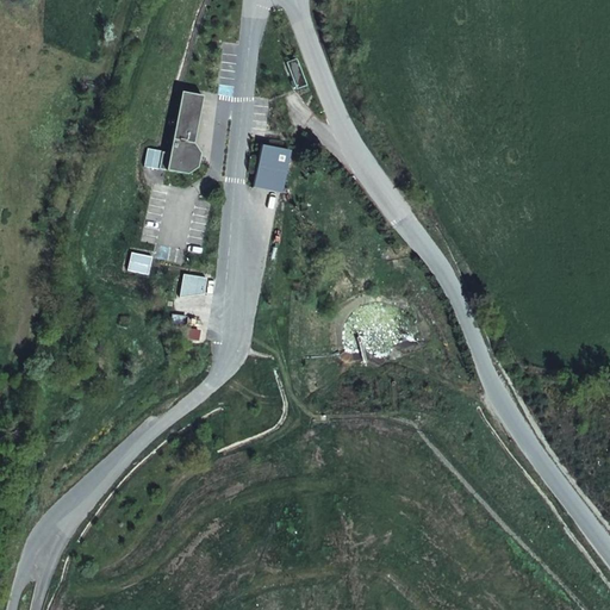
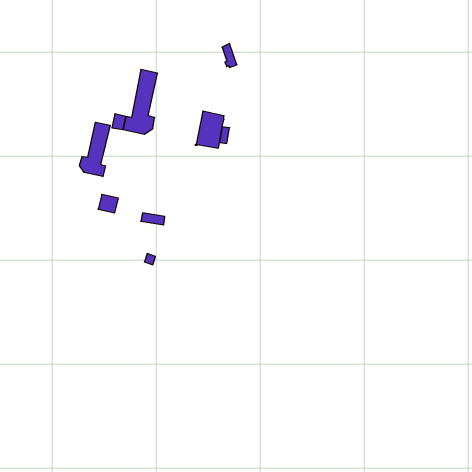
building: none -> [80,122,110,177]

